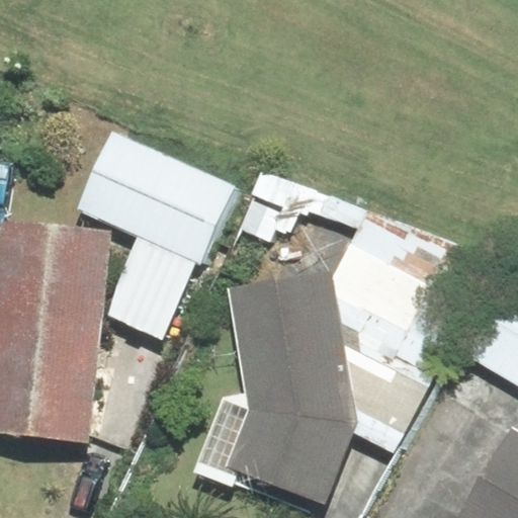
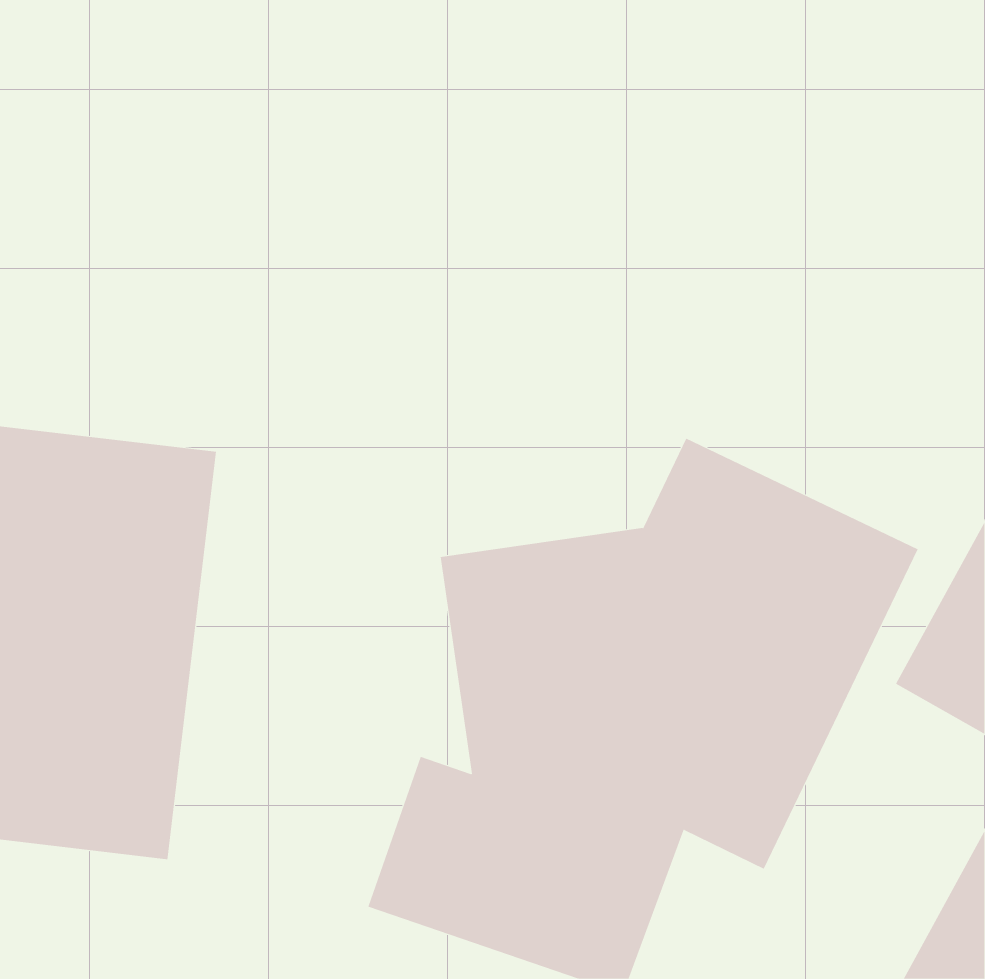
building: [77,126,236,341] -> none

